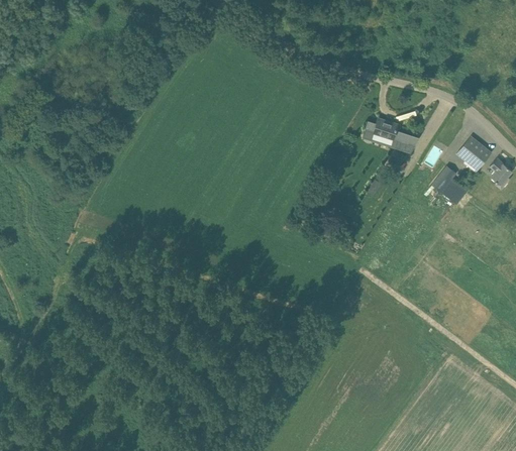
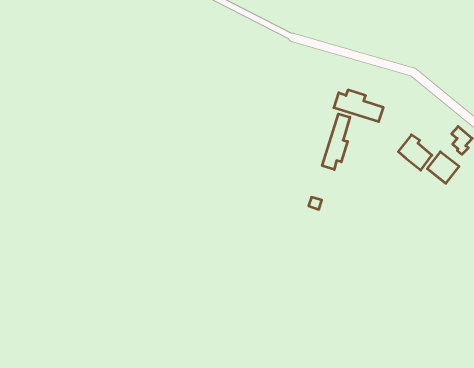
building: [456,135,491,170] -> [427,152,459,183]
building: none -> [322,114,350,170]

